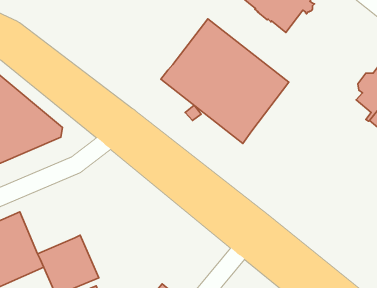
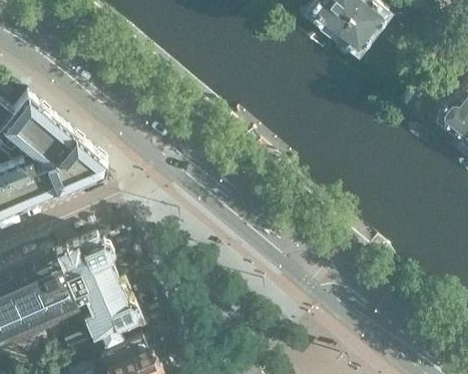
building: [161,19,289,144] -> none
building: none -> [56,239,118,303]

